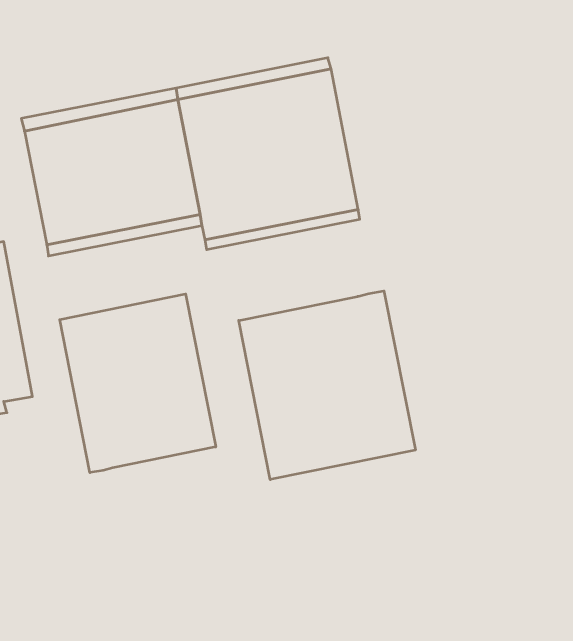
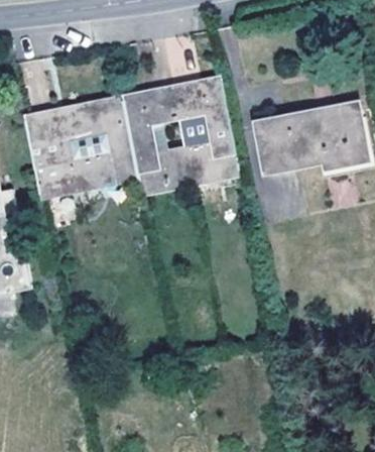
building: none -> [256,102,367,168]
building: [239,291,415,480] -> none
building: [60,294,216,473] -> none

